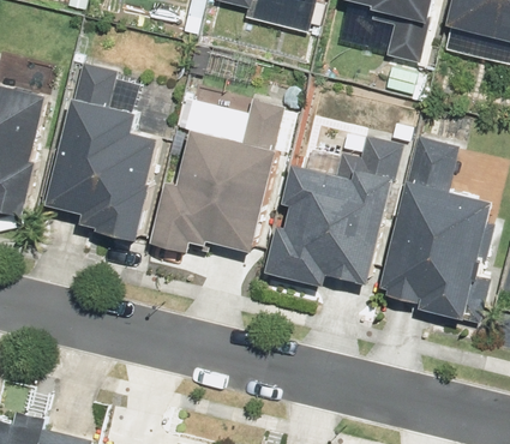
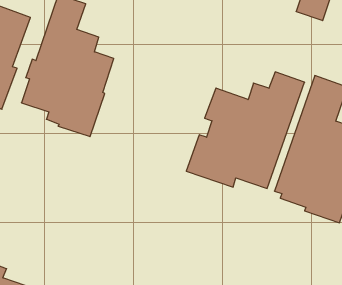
building: [148,98,281,251] -> none

